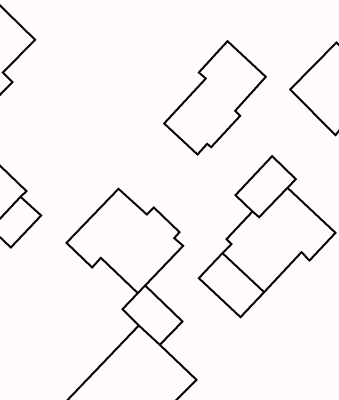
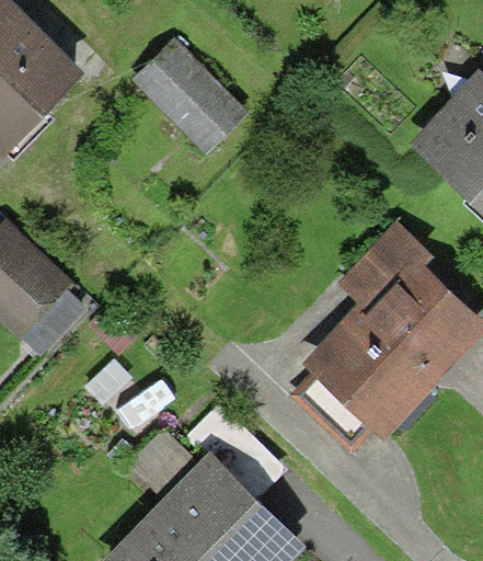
building: none -> [137,44,237,140]
building: [164,41,266,154] -> none
building: [66,189,183,293] -> none

